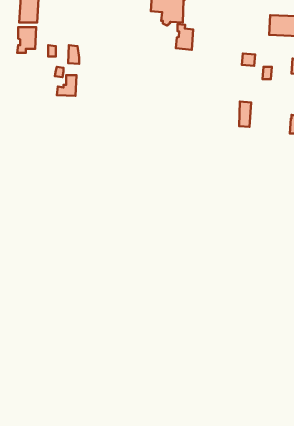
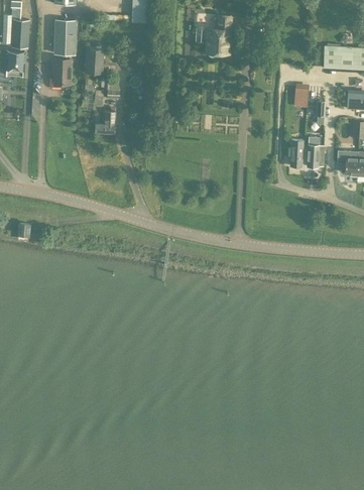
building: none -> [85,48,103,74]
building: [176,24,193,50] -> none
building: none -> [306,138,325,167]

